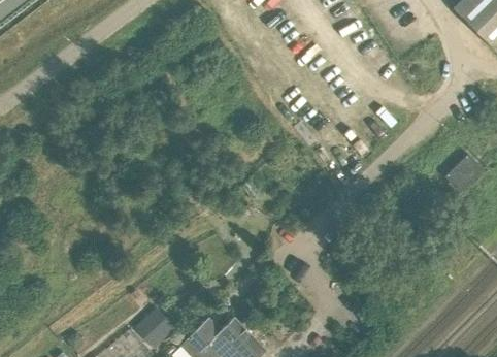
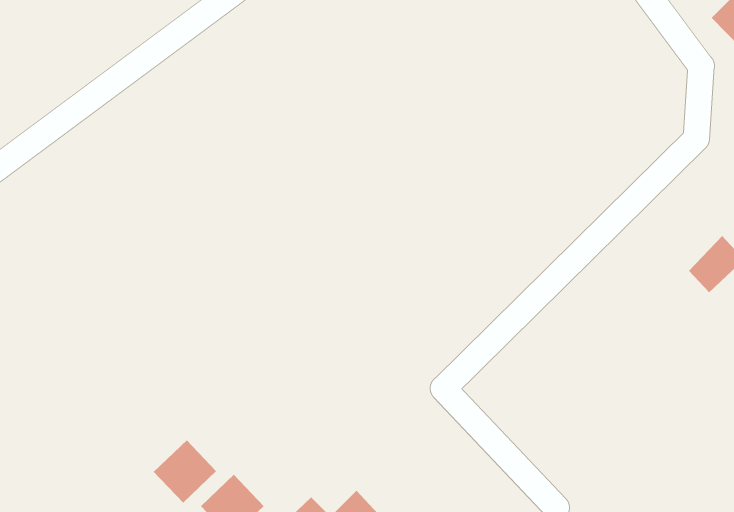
building: none -> [153,440,217,504]

